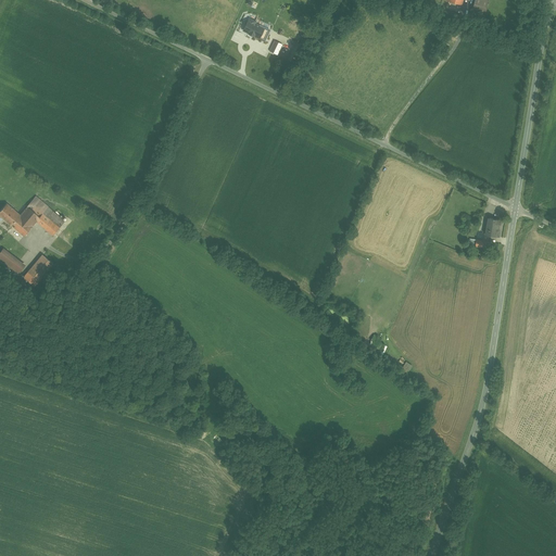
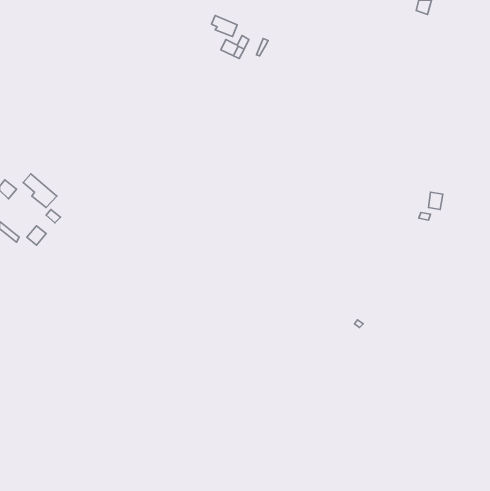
building: [10,206,39,236] -> none

